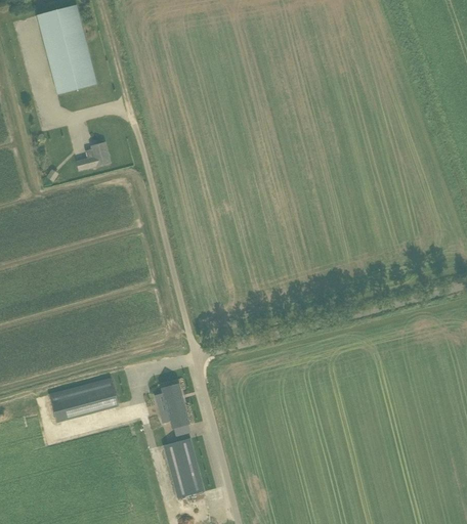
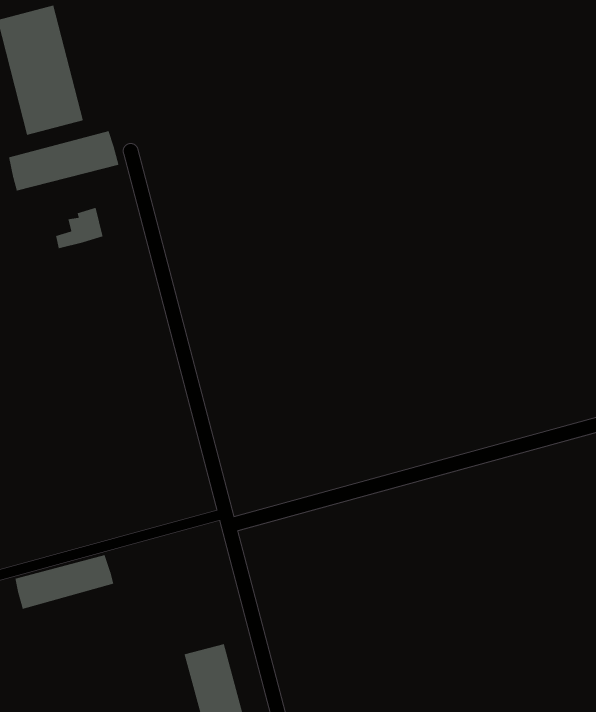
building: none -> [8,130,120,191]
building: [160,384,189,435] -> none

